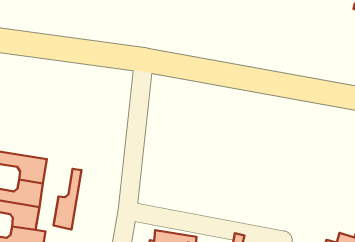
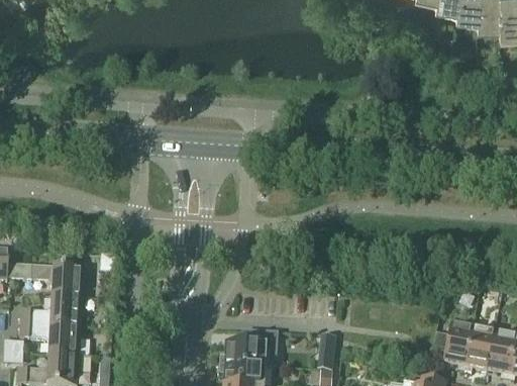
building: [53,169,81,230] -> none

